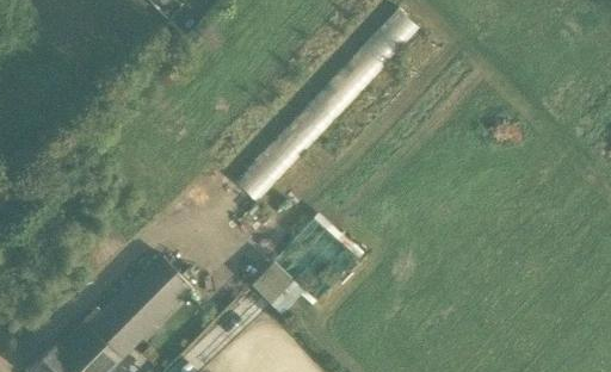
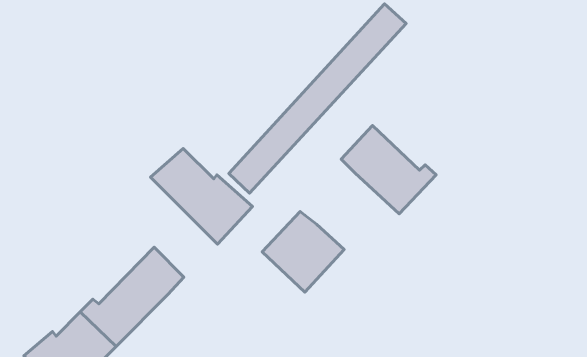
building: none -> [341,125,436,214]
building: none -> [150,148,252,244]

